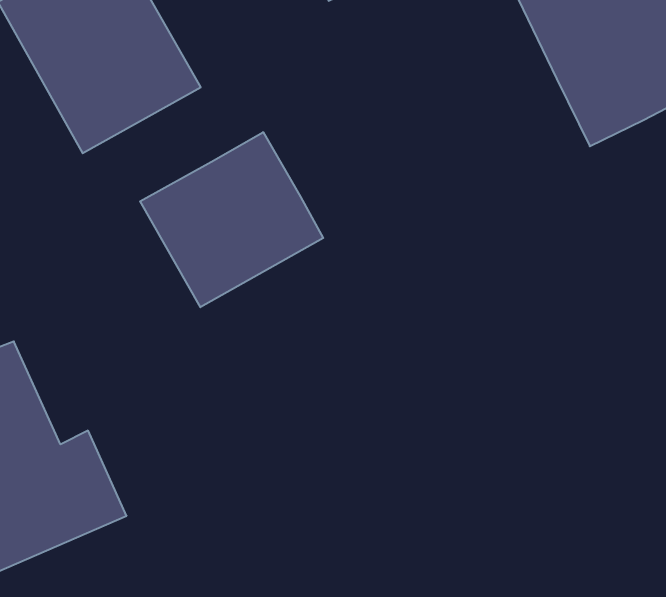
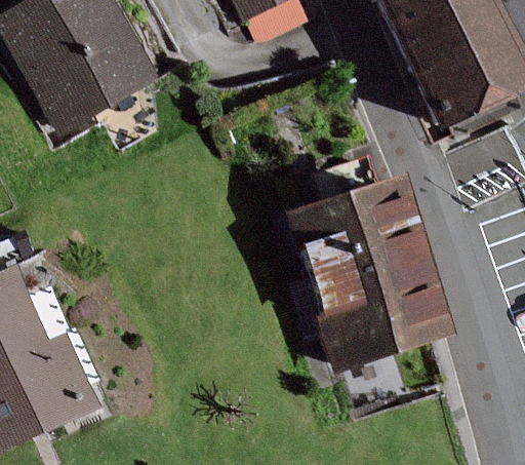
building: [140,132,323,307] -> none
building: none -> [289,183,435,367]

